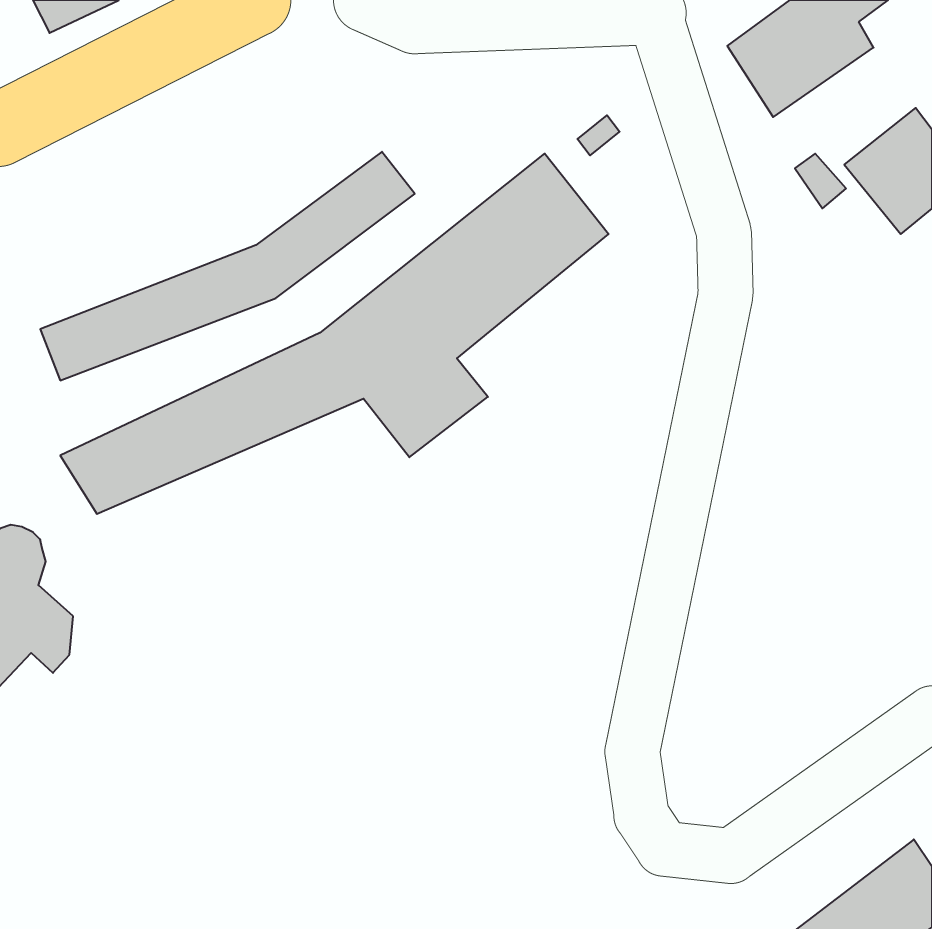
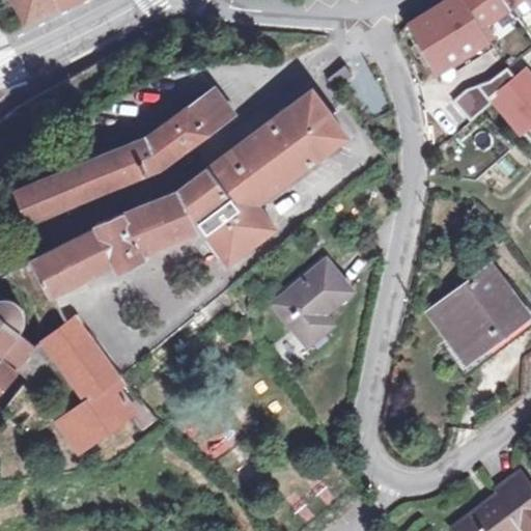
building: none -> [278,255,345,334]
building: none -> [425,264,521,359]
building: none -> [45,324,166,448]

